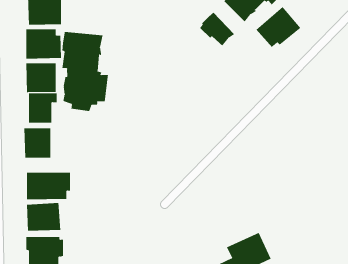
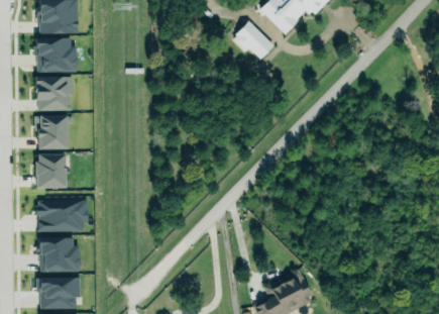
building: [255,6,301,48] -> none
building: [62,31,108,112] -> none

